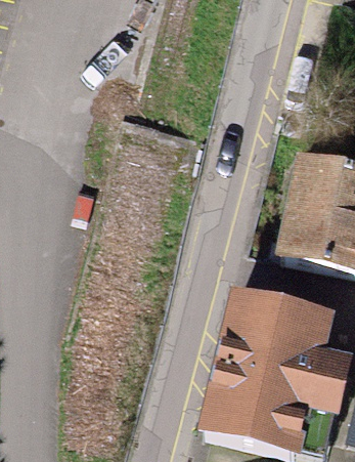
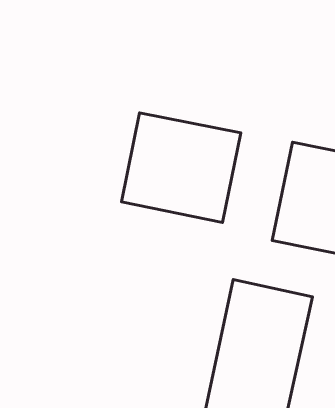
building: none -> [122,113,241,223]

